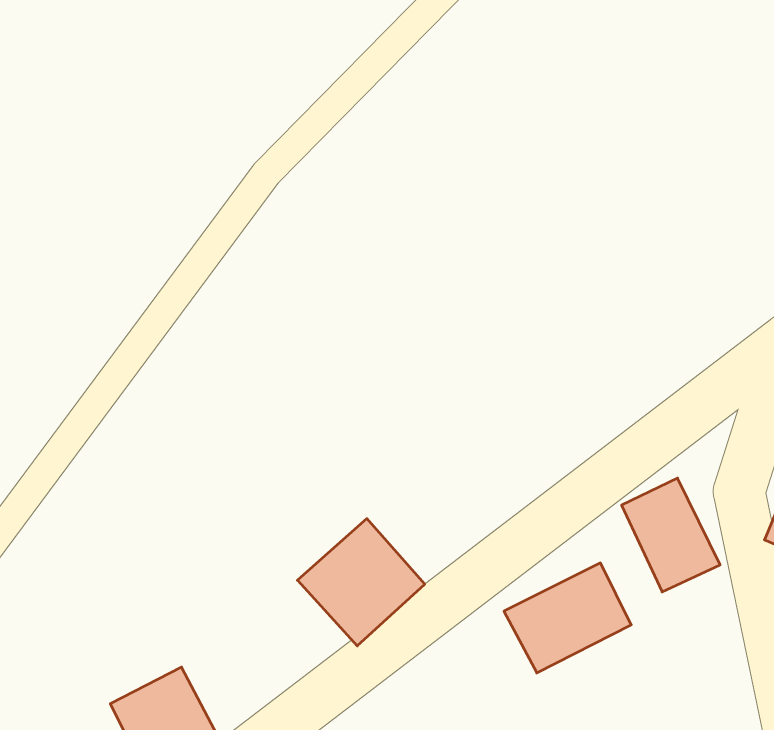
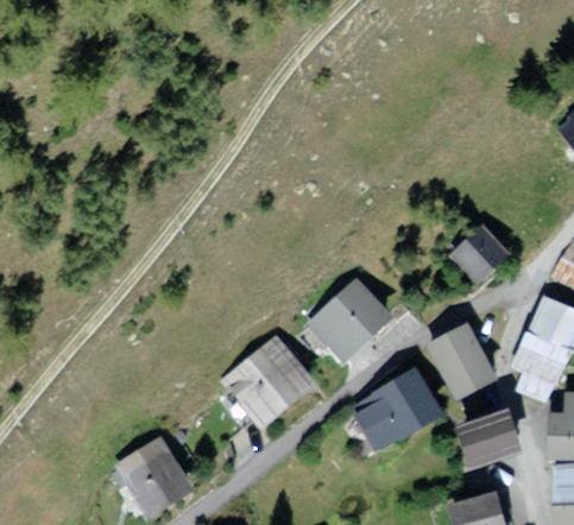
building: none -> [454,223,502,271]
building: none -> [322,285,390,353]
building: none -> [455,415,517,468]

